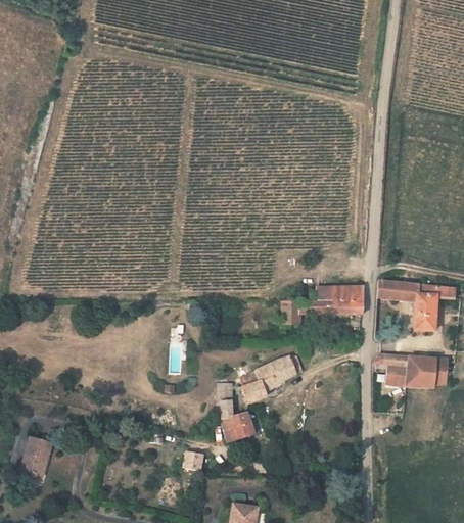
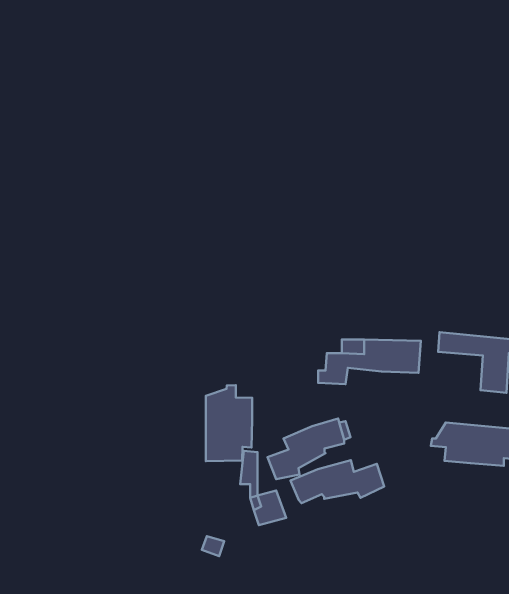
building: none -> [206,385,252,461]
building: none -> [290,460,384,503]
building: [24,431,54,468] -> none

